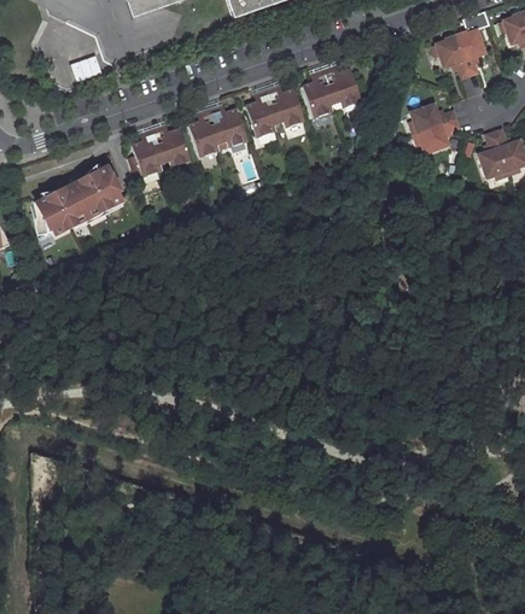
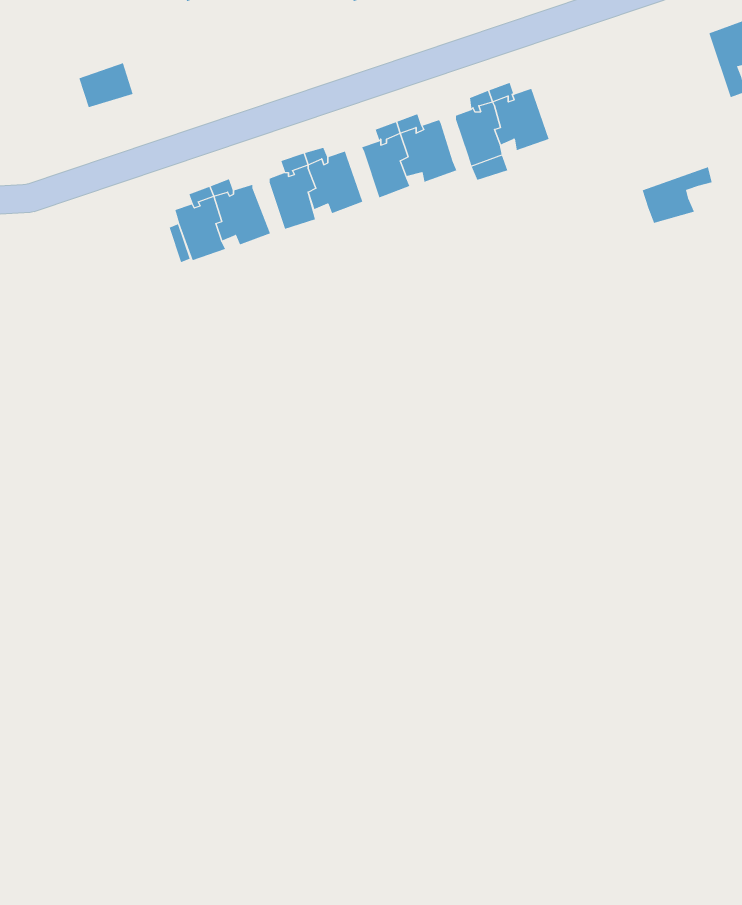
building: [434,36,471,80] -> none
building: [410,103,457,133] -> none
building: [35,166,130,238] -> none

